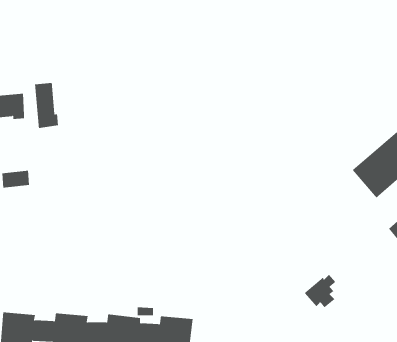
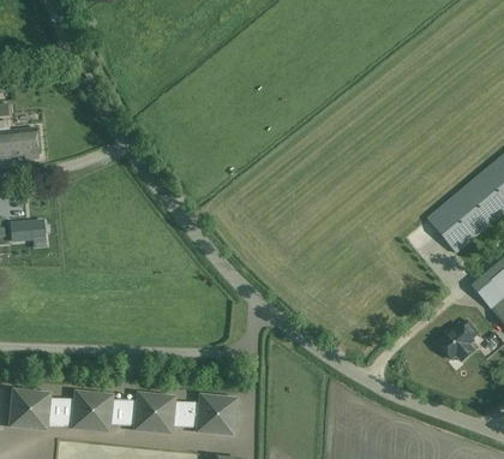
building: [35,82,59,129] -> none
building: [304,274,336,308] -> [437,320,475,360]

